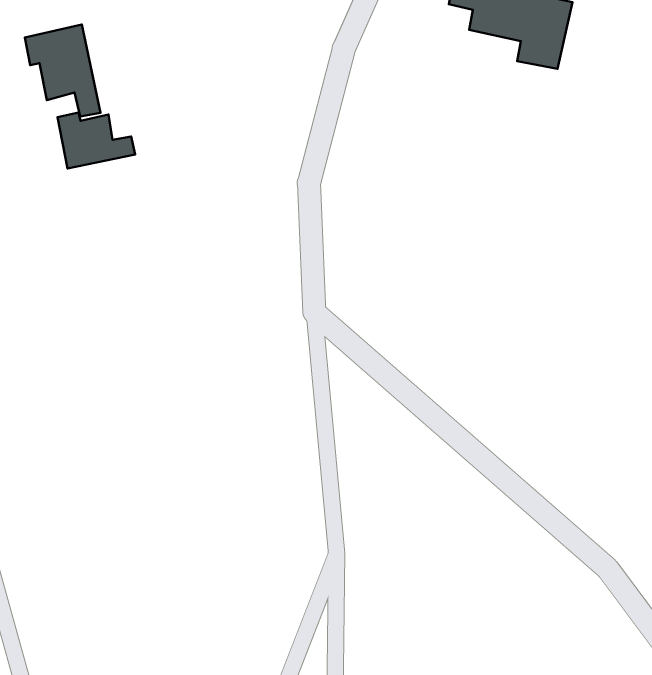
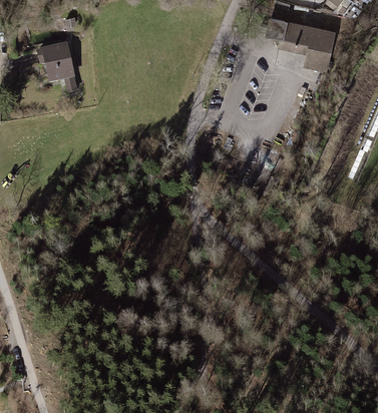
building: [58,112,135,169] -> none

